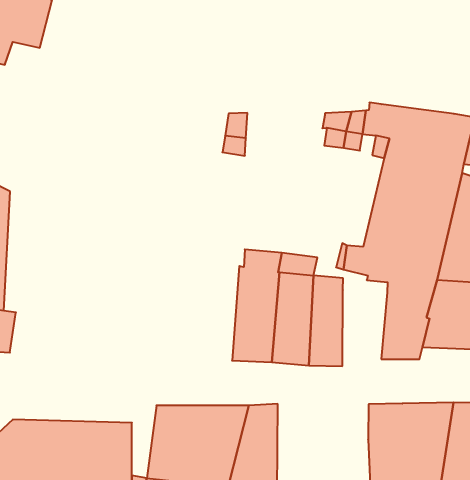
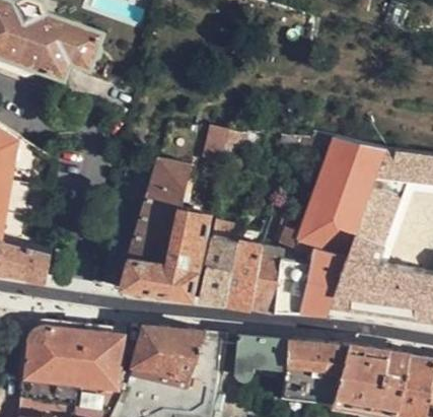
building: none -> [121,159,211,299]
building: none -> [275,260,311,314]
building: none -> [235,335,290,379]

